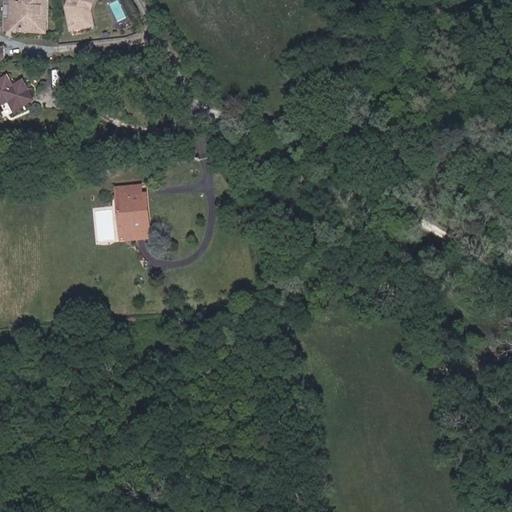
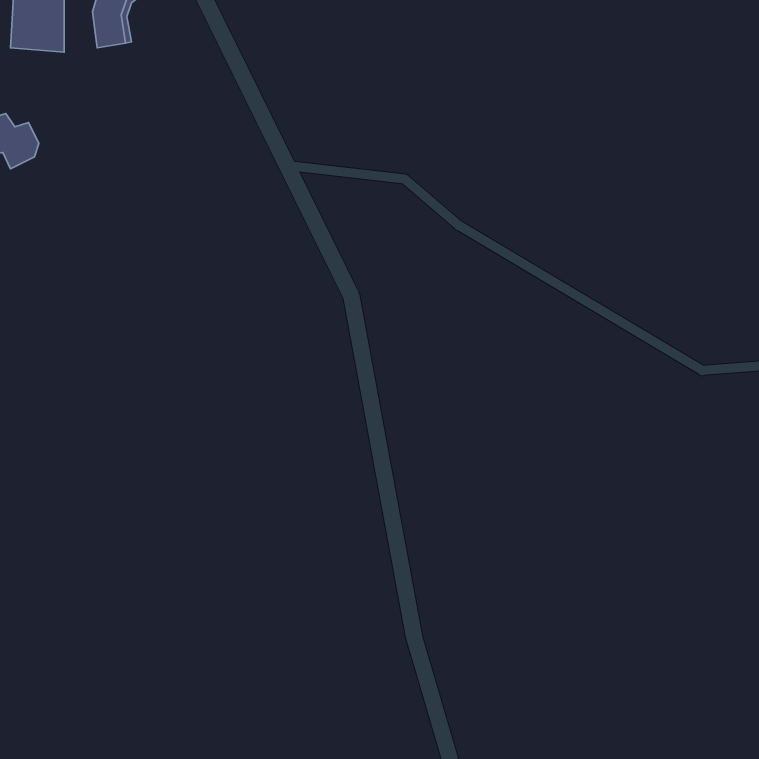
building: [114,178,151,230] -> none

